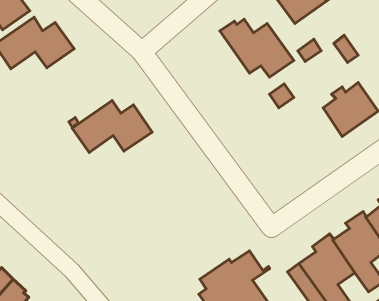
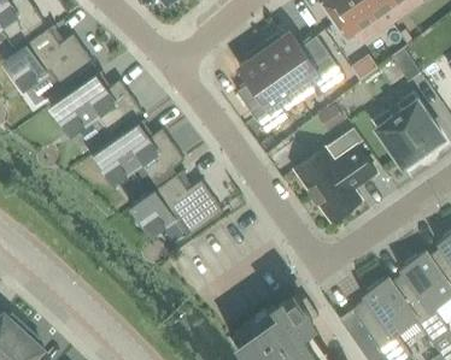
building: none -> [236,46,295,135]
building: none -> [51,76,141,135]
building: none -> [294,129,376,222]
building: none -> [131,176,223,235]

